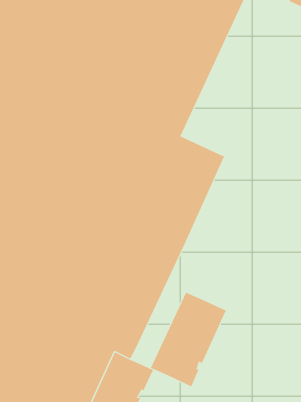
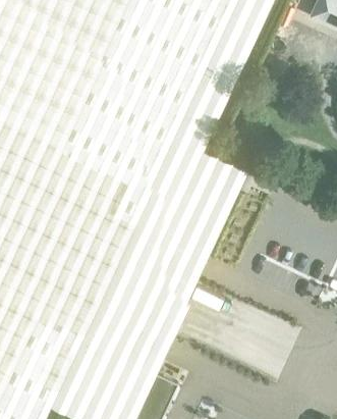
building: [150,292,226,387] -> none

